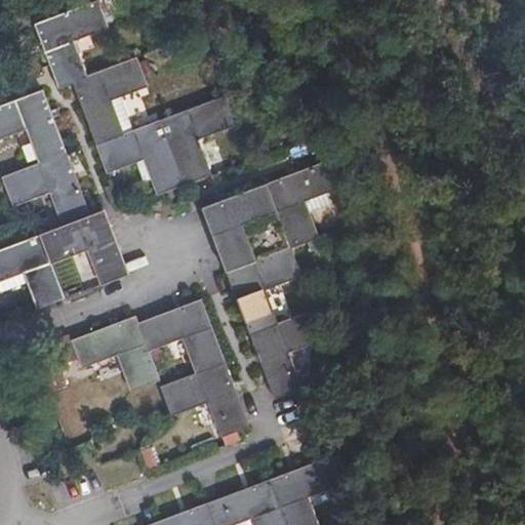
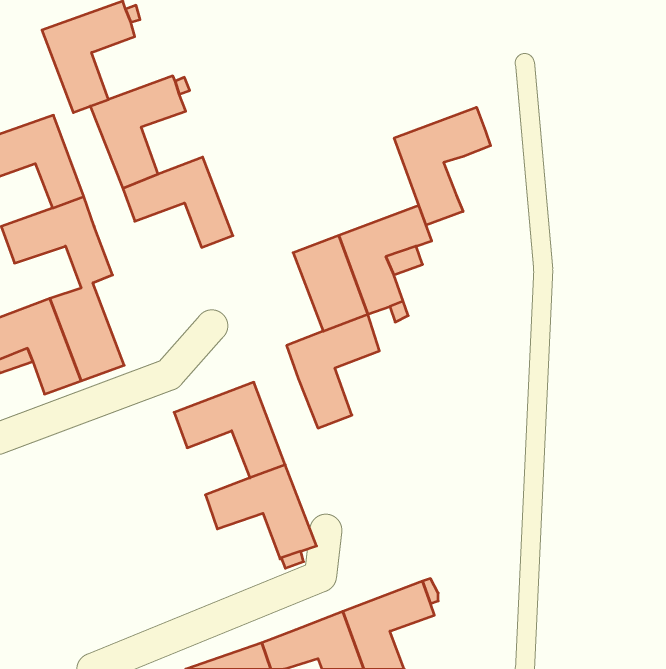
building: none -> [394,107,491,225]
building: [159,97,234,185] -> none
building: [201,198,253,271] -> none
building: [73,210,127,286] -> none
building: [249,312,322,399] -> none
building: [70,317,158,391] -> none

